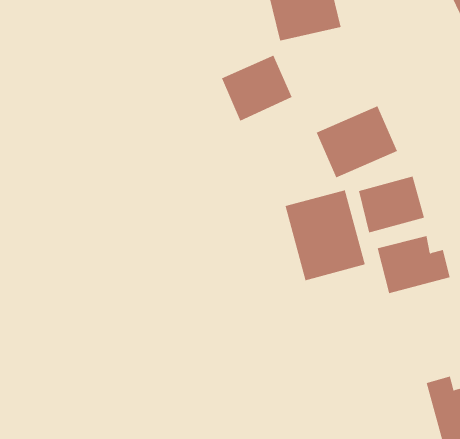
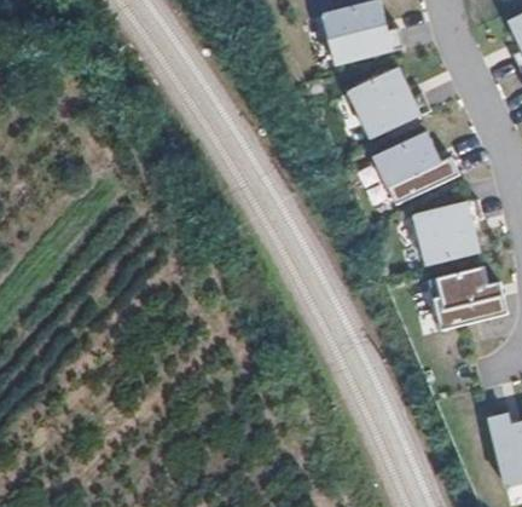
building: [221,55,293,122] -> [347,69,420,138]
building: [285,189,366,281] -> none

